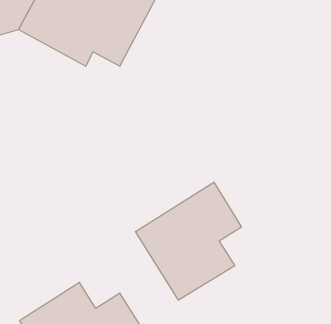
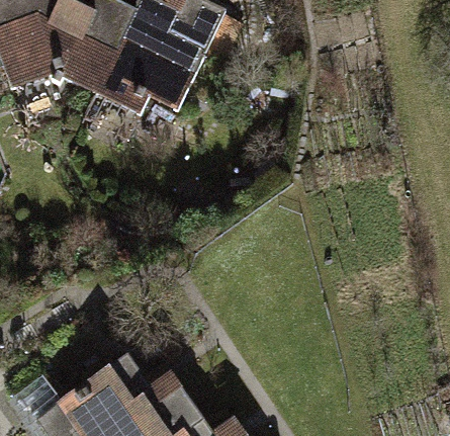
building: [136,182,242,300] -> none

